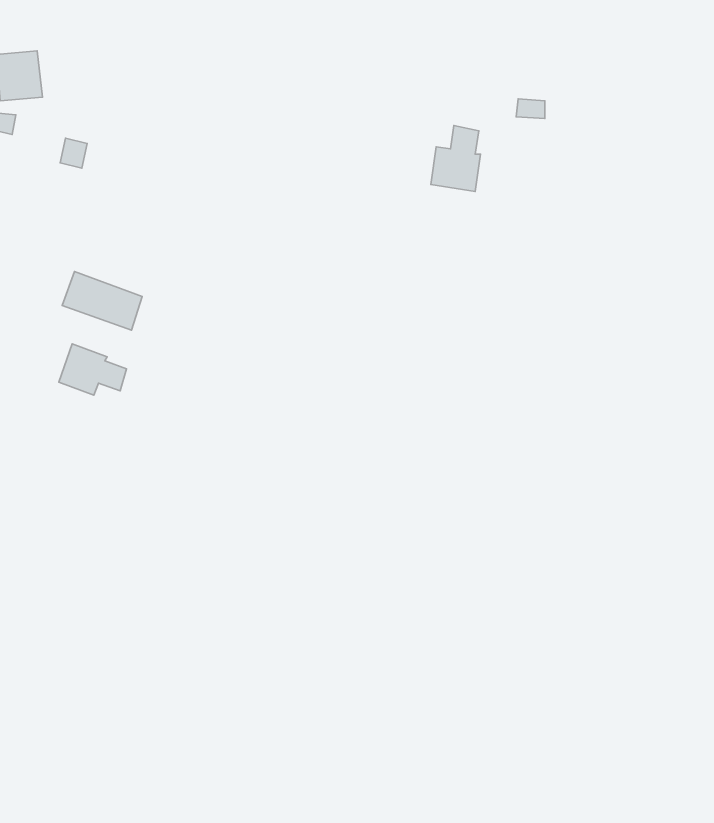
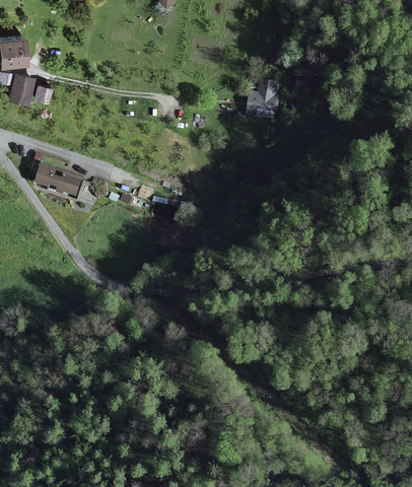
building: none -> [10,74,33,103]
building: [59,344,126,395] -> none

